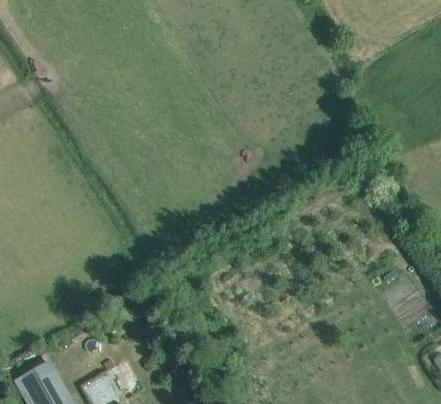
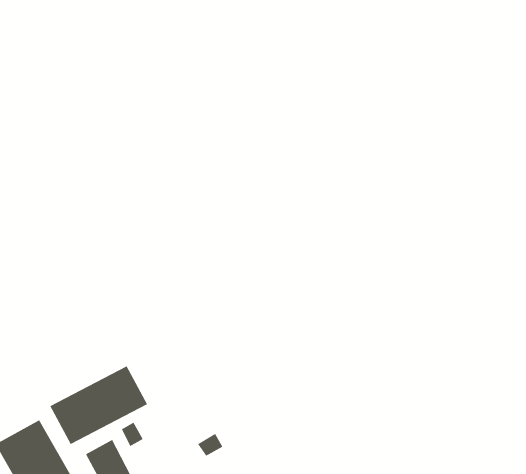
building: none -> [49,366,148,445]

